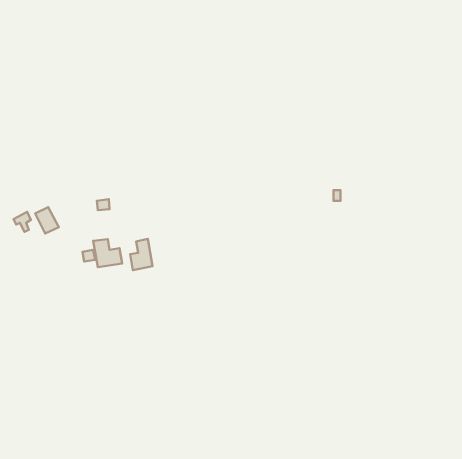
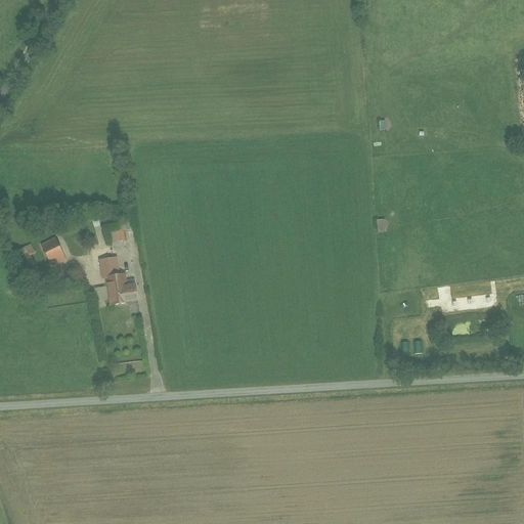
building: [130,239,152,270] -> none

